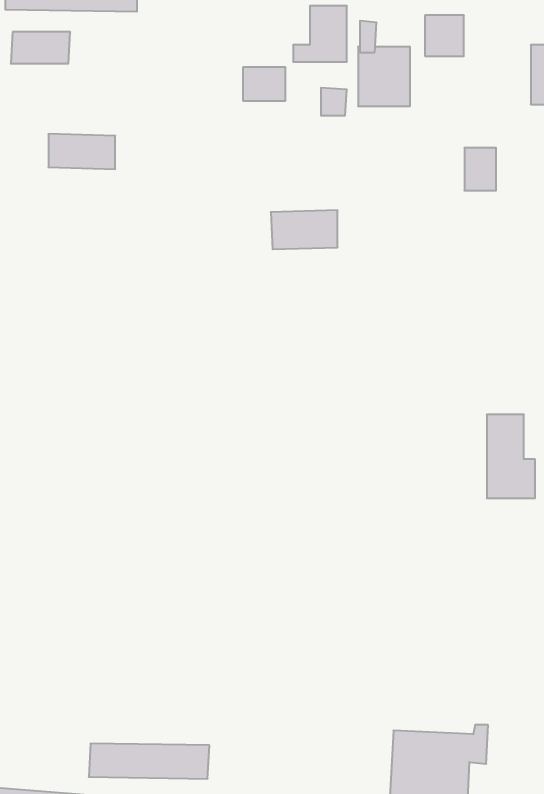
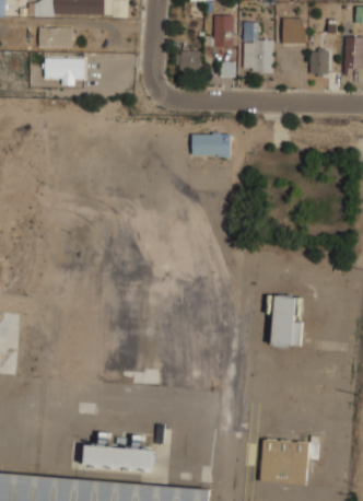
building: [48,134,115,169] -> [45,58,84,79]
building: [464,148,496,191] -> [309,49,328,74]
building: [487,415,535,498] -> [273,296,302,346]

